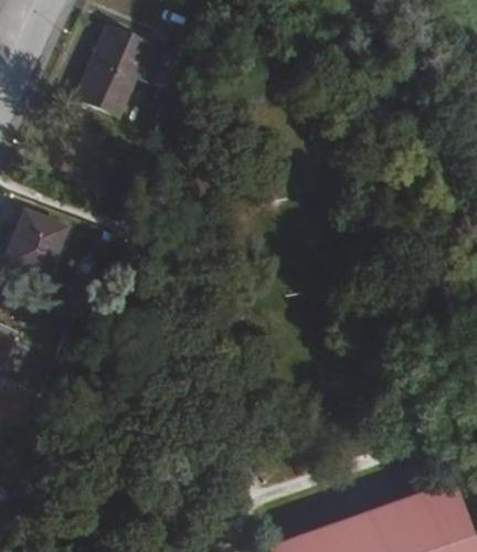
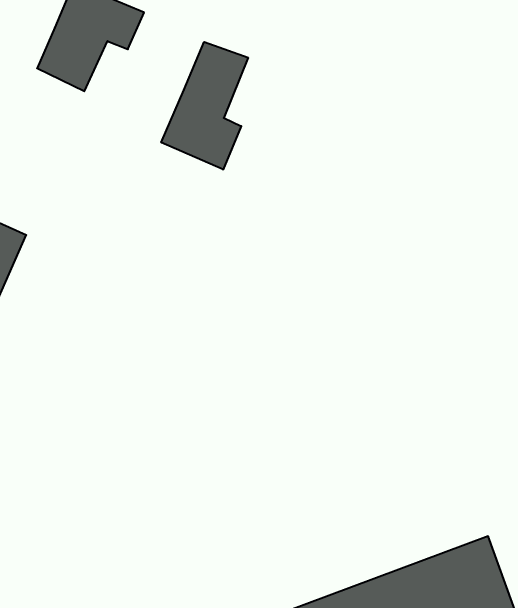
building: none -> [161,42,248,170]

